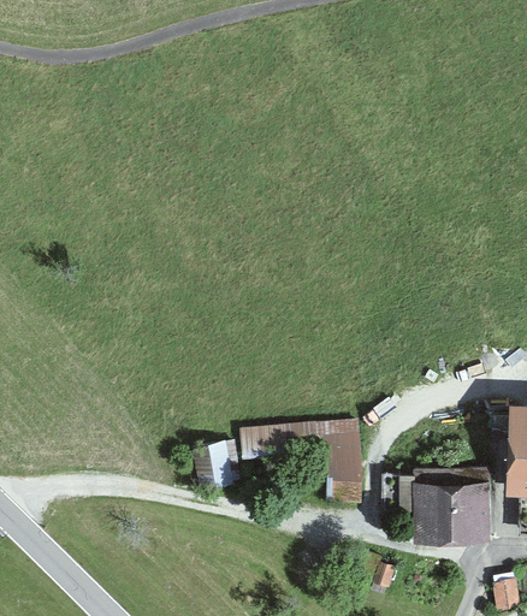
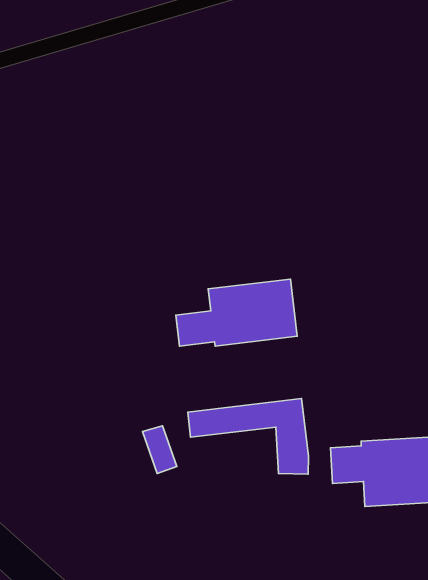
building: none -> [176,279,297,346]

